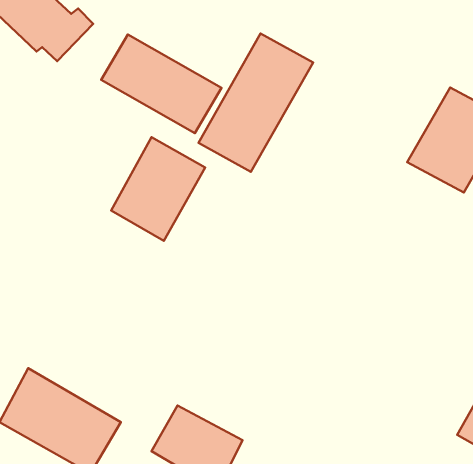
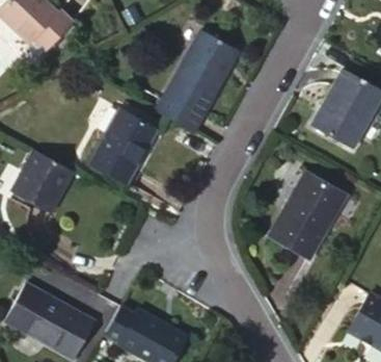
building: [101,34,222,133] -> none
building: none -> [11,149,74,213]
building: none -> [271,173,345,257]

